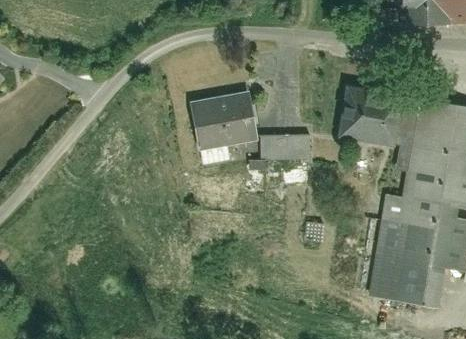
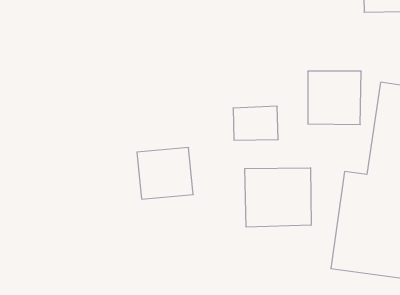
building: [197,92,258,148] -> [137,148,193,199]
building: none -> [245,168,311,227]

